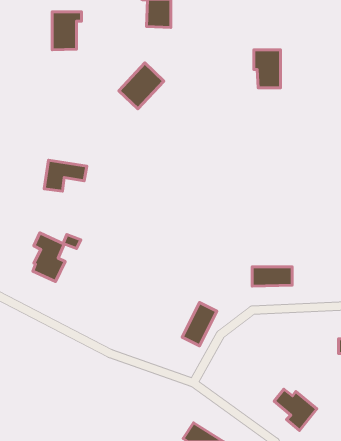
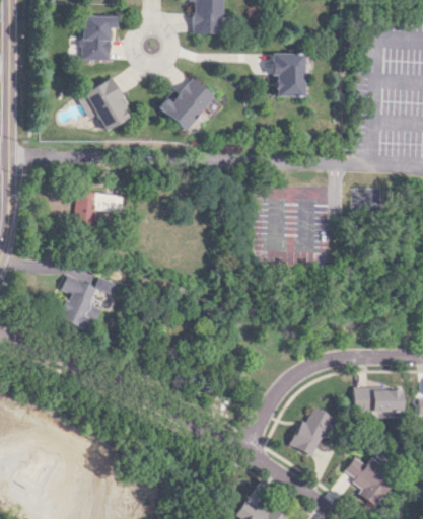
building: [254,50,281,88] -> [271,53,302,97]
building: none -> [78,78,133,131]
building: [252,267,292,286] -> [355,389,402,412]
building: [182,303,217,346] -> [291,405,332,456]

